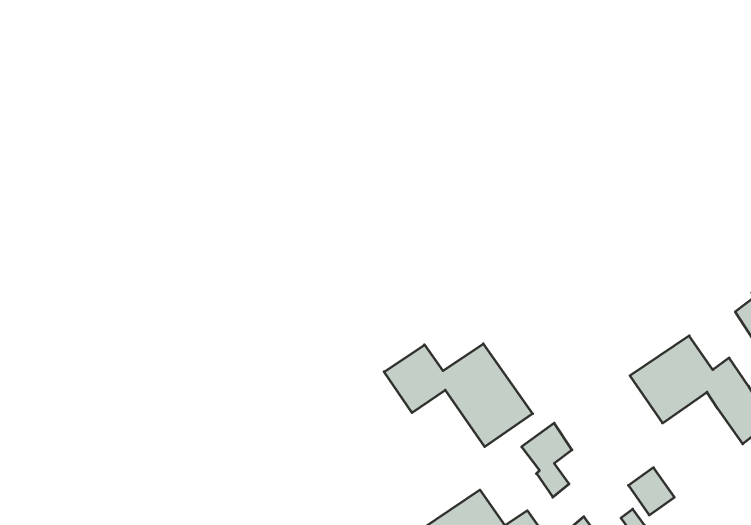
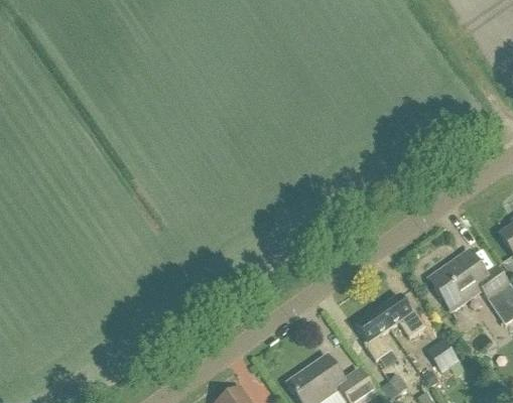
building: [384,344,533,447] -> none
building: none -> [378,293,425,332]

